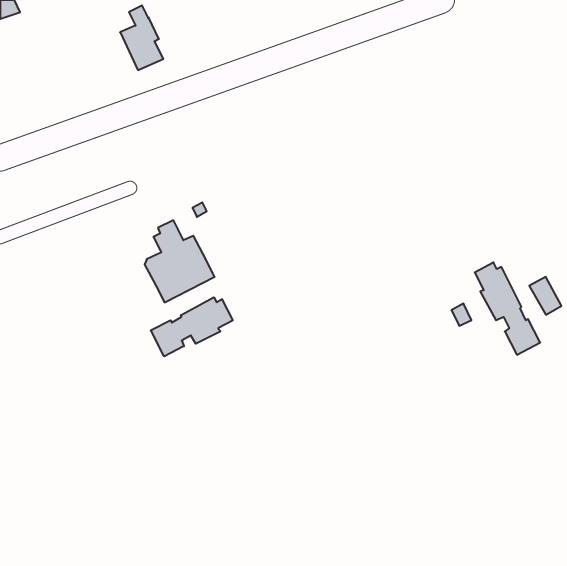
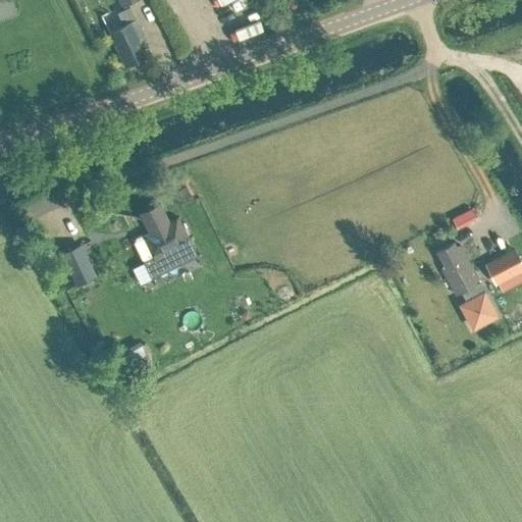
building: none -> [60,249,95,289]
building: [151,297,233,356] -> none

